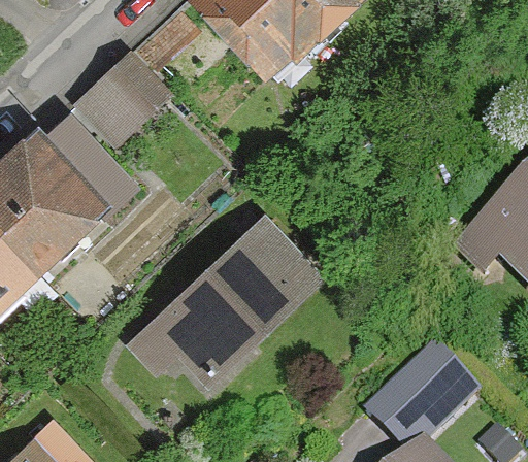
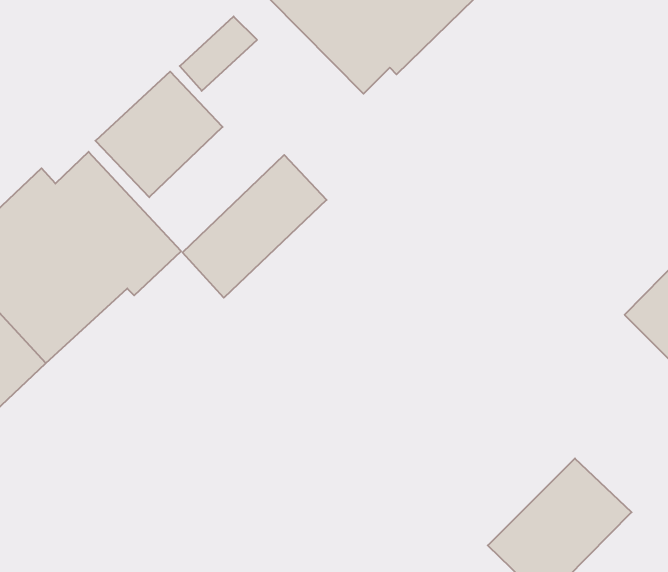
building: none -> [183,155,327,298]
building: [146,217,326,393] -> none

